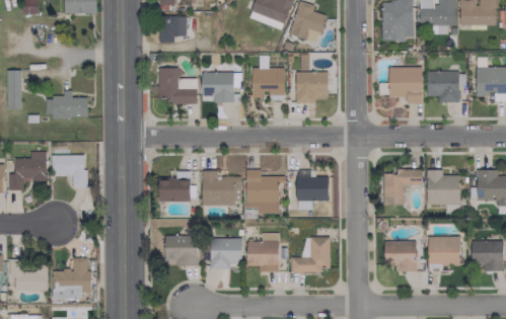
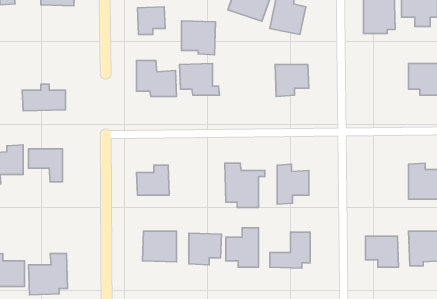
building: [388,67,422,103] -> none
building: [251,68,285,101] -> [182,21,215,55]
building: [202,170,241,205] -> none
building: [383,170,422,205] -> none

